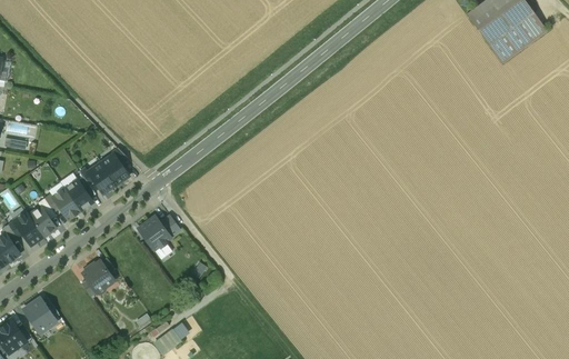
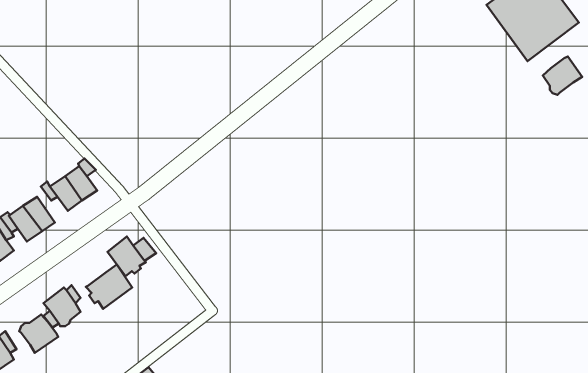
building: none -> [543,56,582,95]
building: none -> [86,264,132,309]
building: none -> [19,315,58,353]

